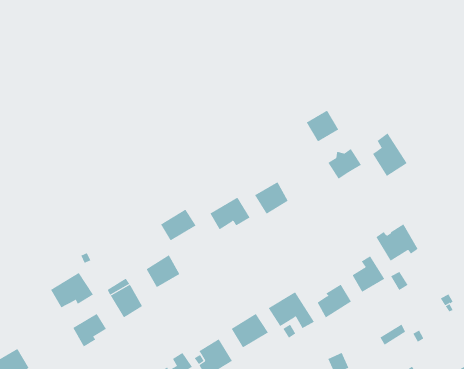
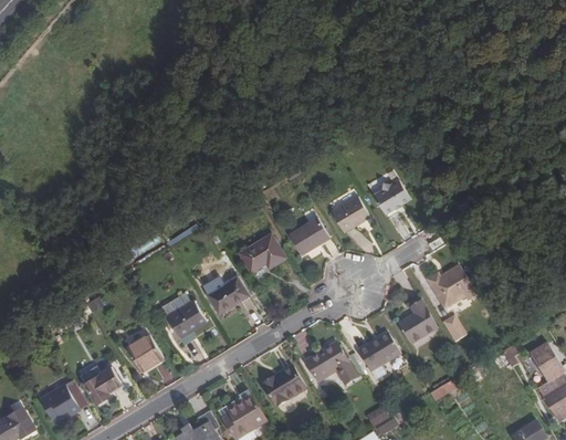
building: [306,110,339,142] -> [331,196,368,232]
building: [372,133,408,177] -> none
building: [160,209,196,241] -> [206,276,247,313]
building: [50,272,94,308] -> [38,378,87,419]

